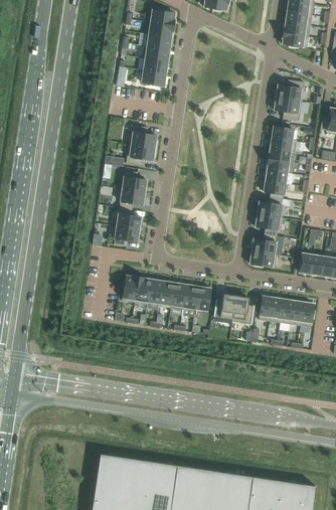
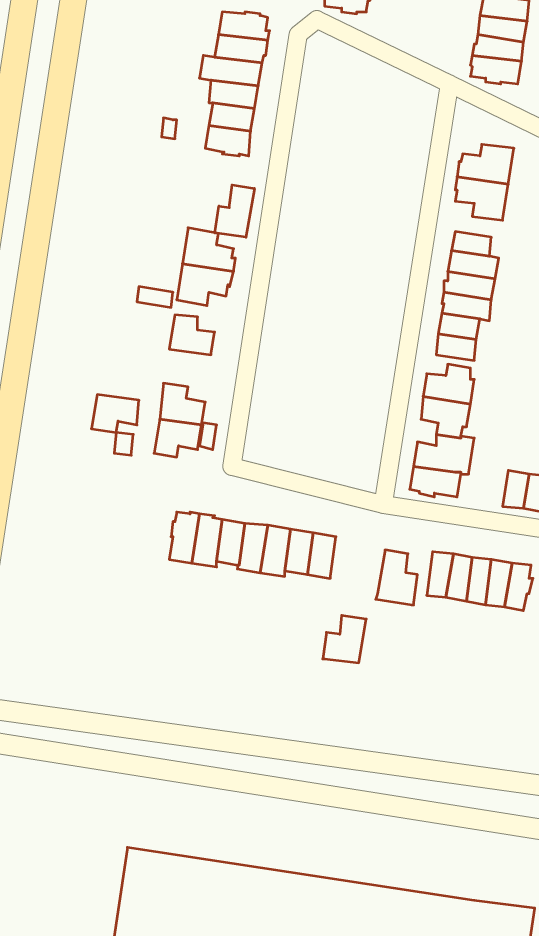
building: none -> [215,185,254,237]
building: [119,189,144,209] -> [91,395,139,432]
building: [213,294,236,319] -> [323,615,366,663]

